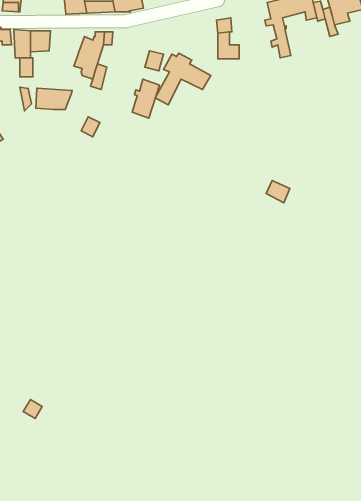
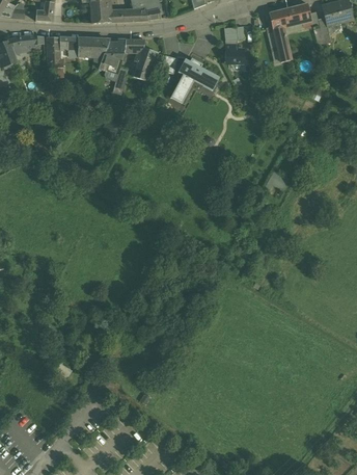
building: [132,79,159,118] -> [132,46,156,80]
building: [36,88,72,109] -> [76,36,108,55]

